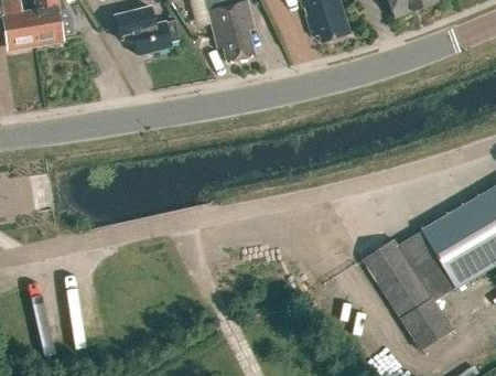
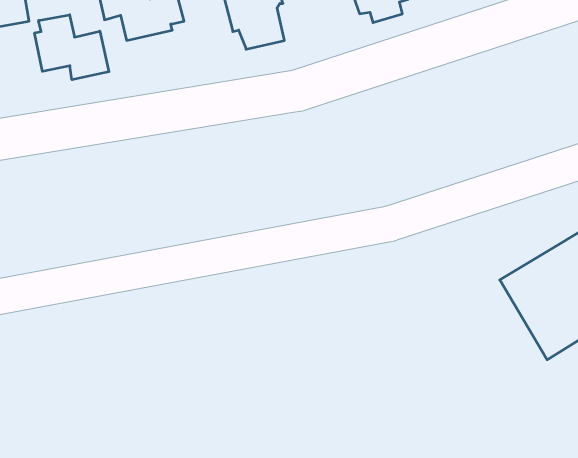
building: none -> [35,15,109,80]
building: [362,237,452,348] -> none

